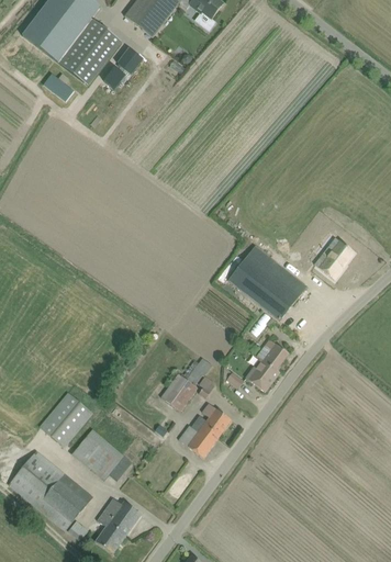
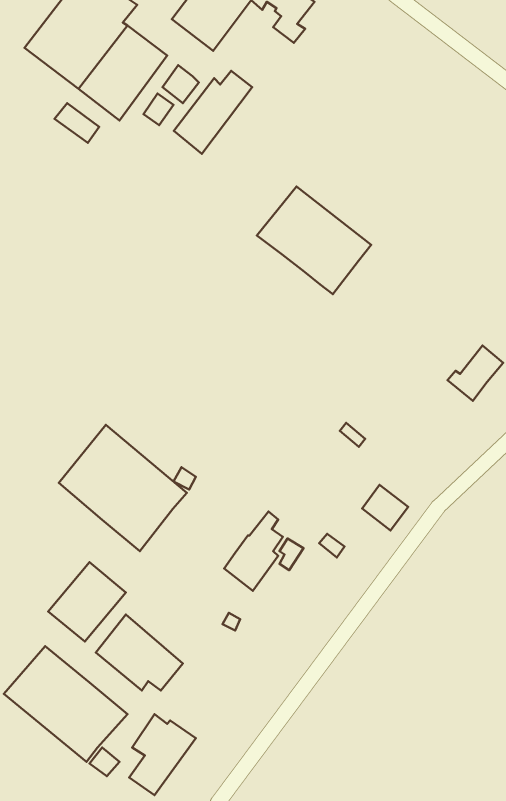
building: none -> [174,71,252,154]
building: [227,246,306,321] -> [257,186,371,294]
building: none -> [59,425,187,551]
building: [246,359,279,392] -> none
building: [177,403,231,458] -> none

